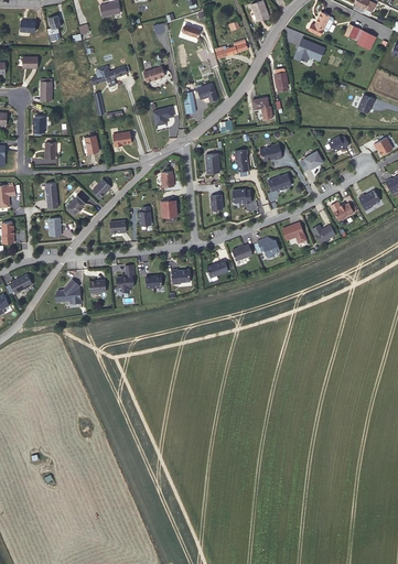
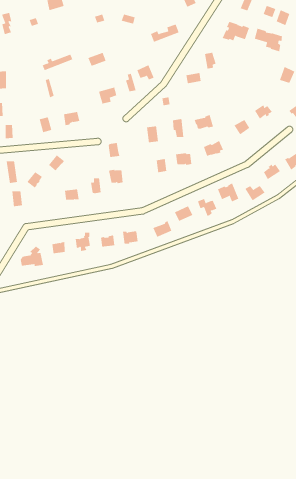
building: none -> [254,28,283,52]

